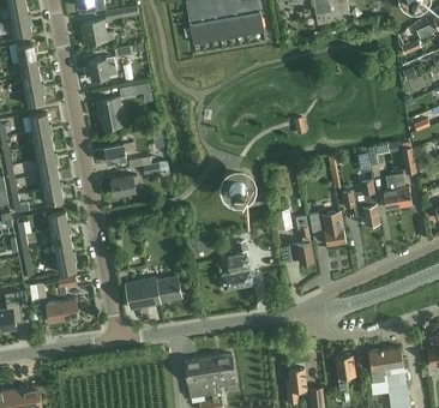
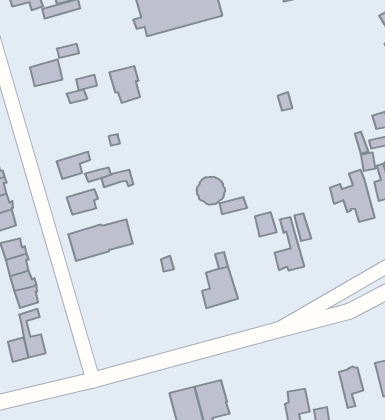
building: [83,20,113,47] -> none
building: [95,100,120,131] -> [109,66,140,103]
building: [320,212,345,247] -> none
building: [124,277,180,310] -> [68,219,133,261]

